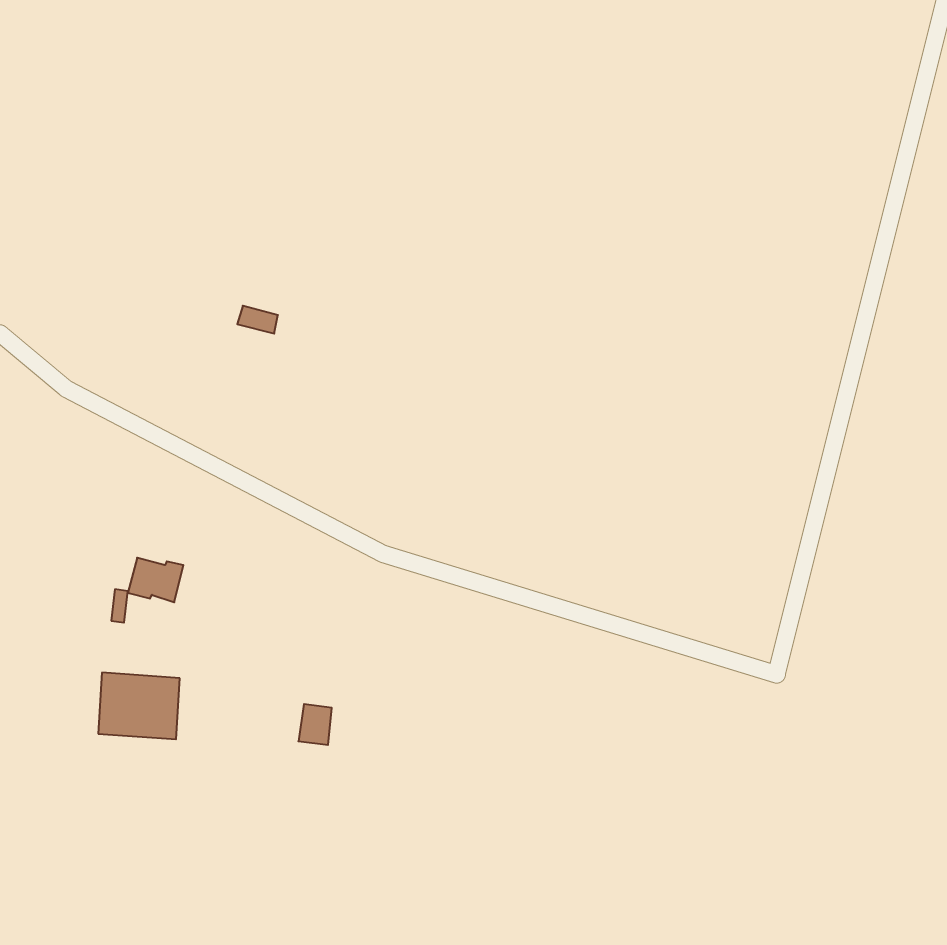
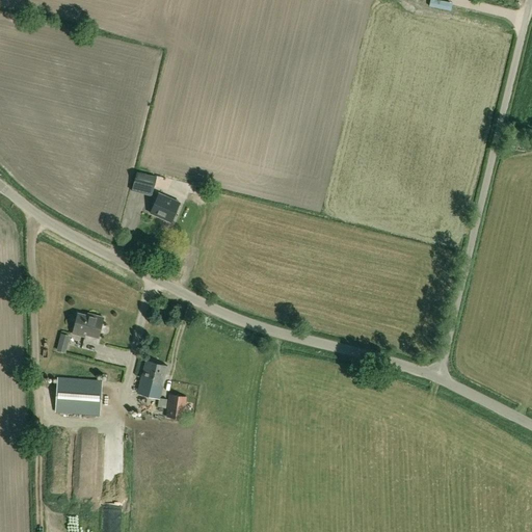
building: none -> [150,193,180,223]
building: none -> [138,361,167,399]

